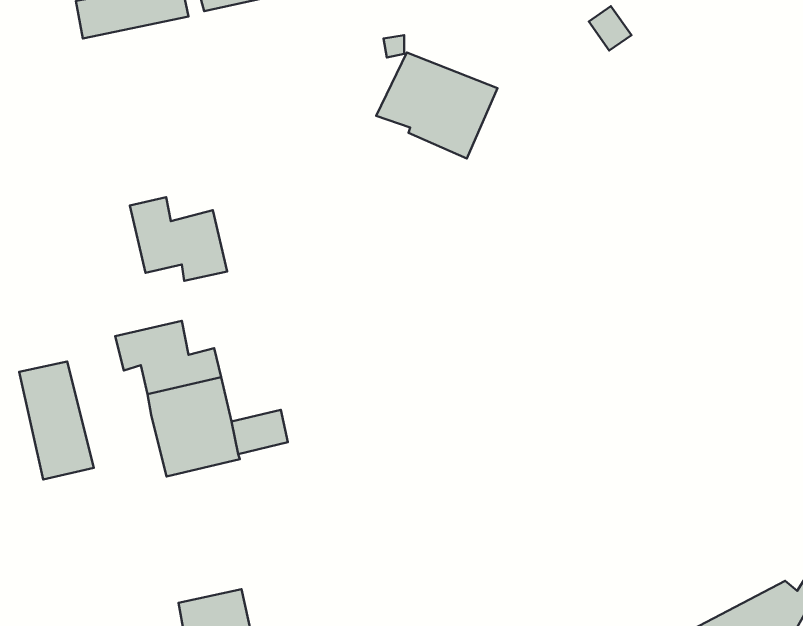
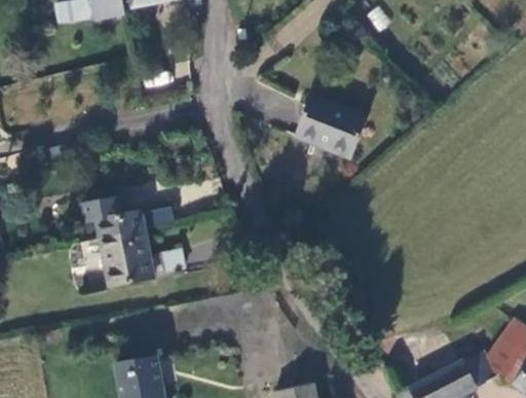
building: [376,52,497,158] -> [293,97,366,160]
building: [130,197,227,281] -> none
building: [19,362,94,480] -> none

